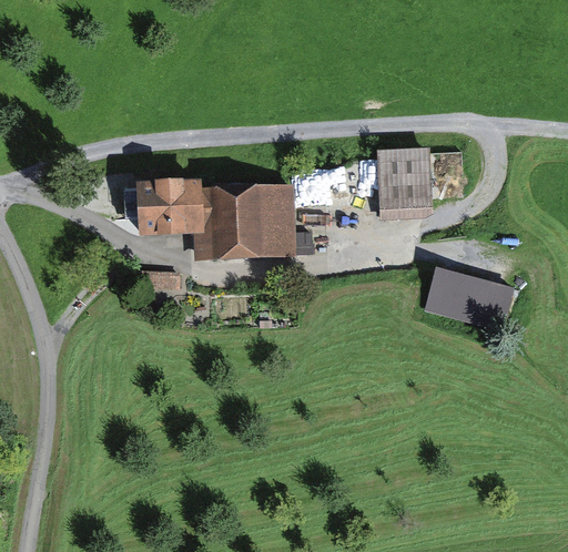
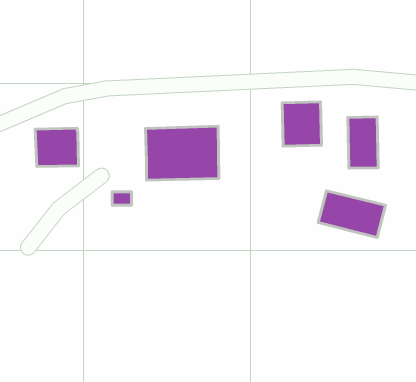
building: none -> [348,117,378,168]
building: [139,181,196,232] -> [35,128,79,167]

